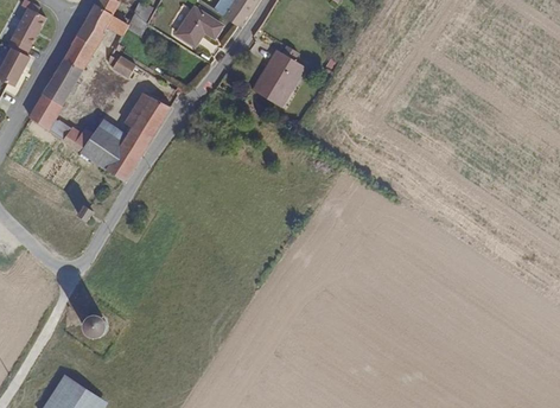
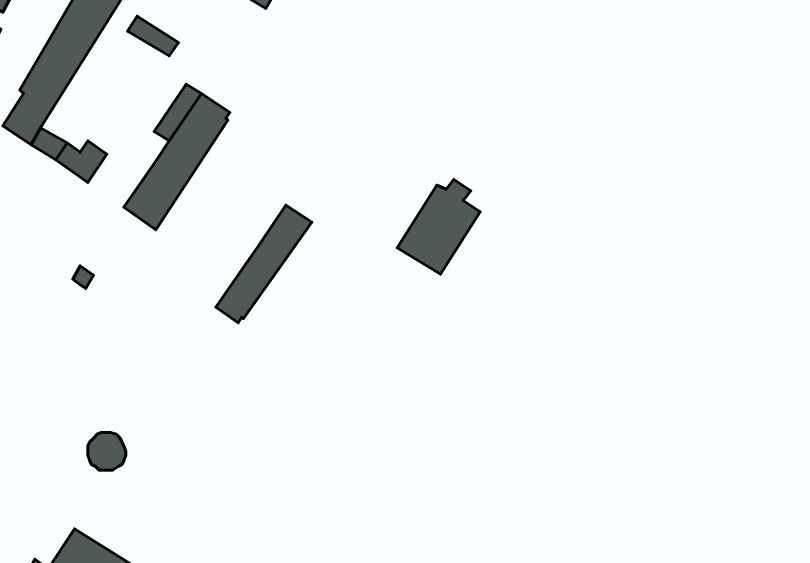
building: [249,46,301,106] -> [397,180,480,274]
building: [84,128,126,170] -> none
building: none -> [216,205,312,323]

